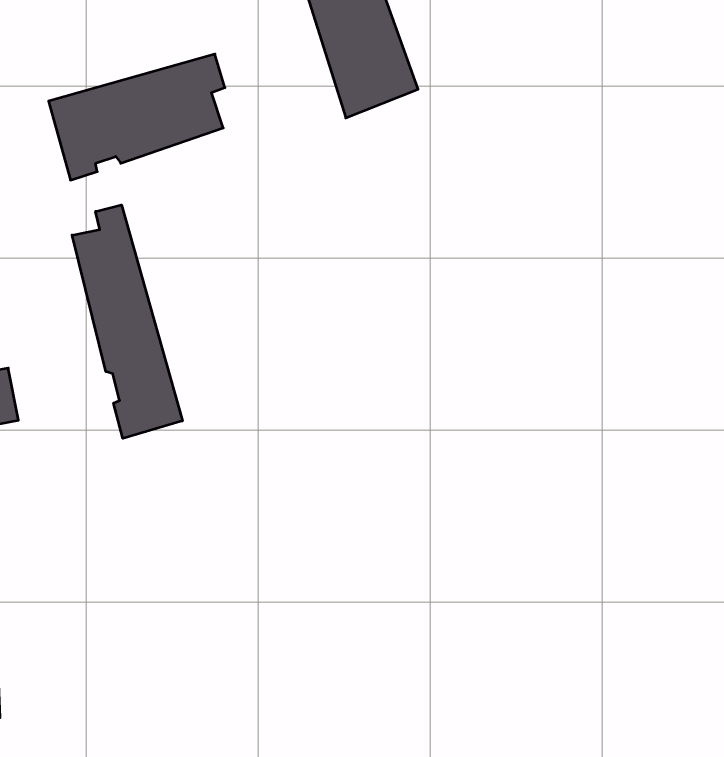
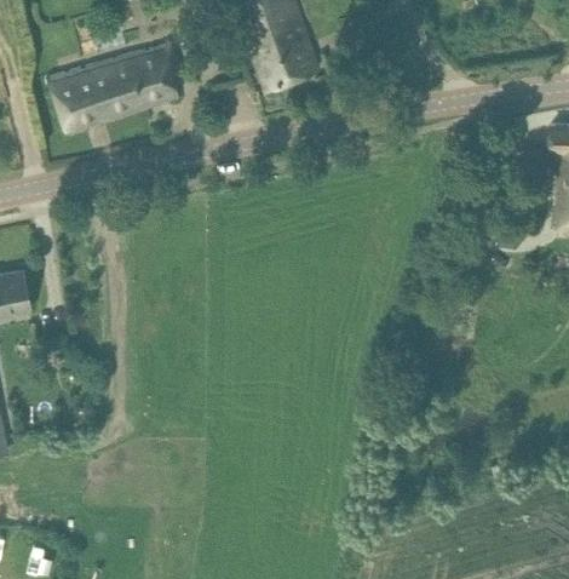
building: [72,205,182,438] -> none

